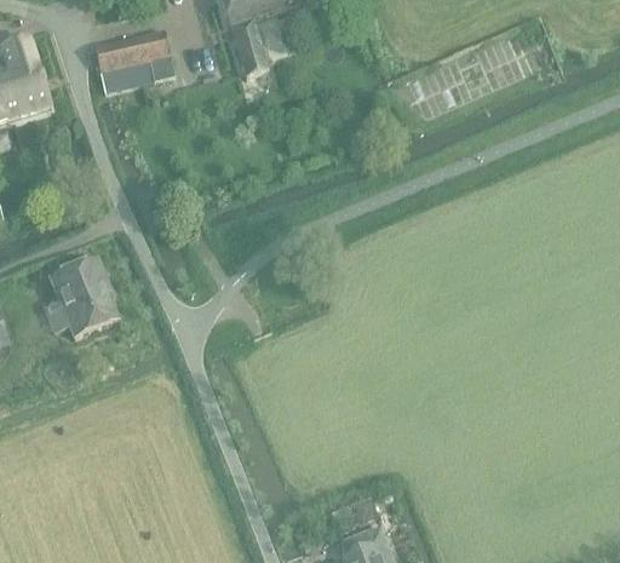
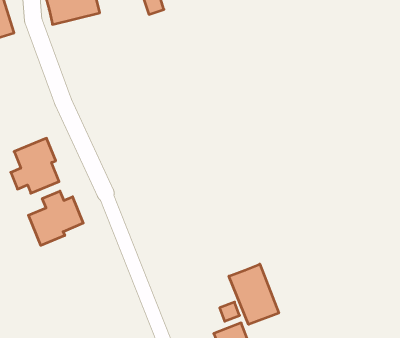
building: none -> [28,191,83,245]
building: none -> [229,264,279,324]

